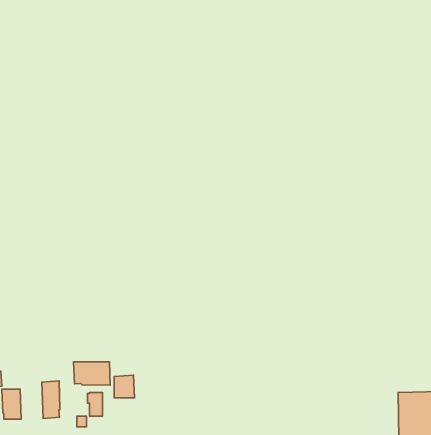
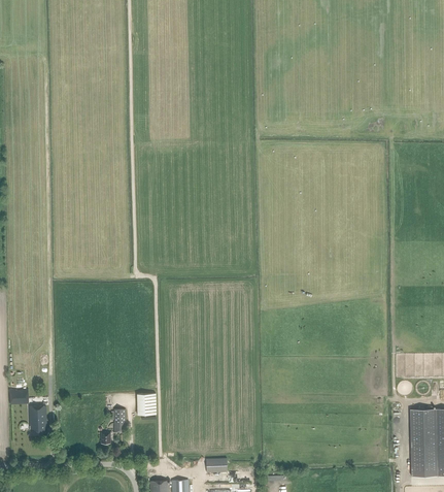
building: [74,362,110,385] -> none
building: [42,381,60,419] -> none

